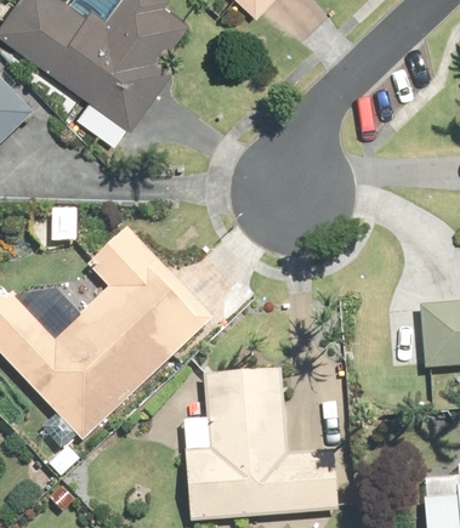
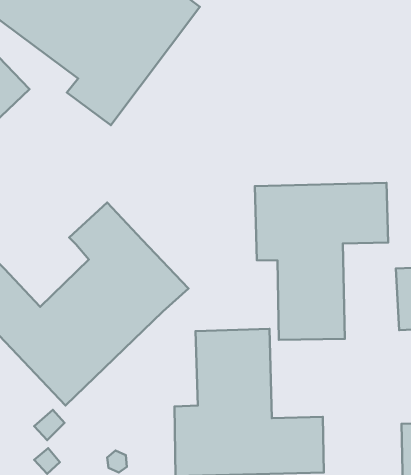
building: none -> [255,183,388,340]

